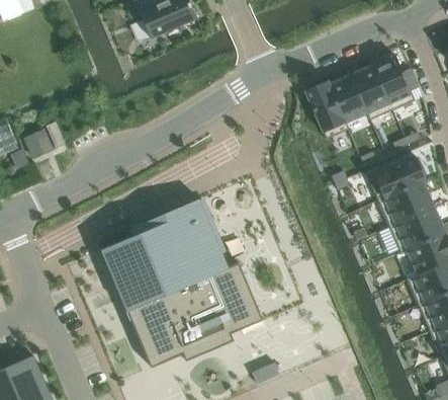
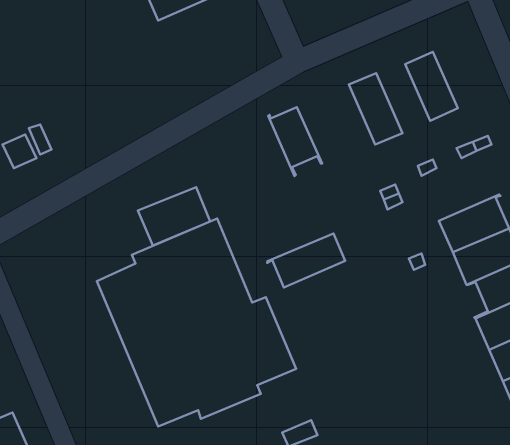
building: [373,55,416,109] -> none
building: [328,74,371,130] -> [268,107,322,176]
building: [368,157,427,201] -> none
building: none -> [138,187,210,246]
building: none -> [267,233,345,288]

